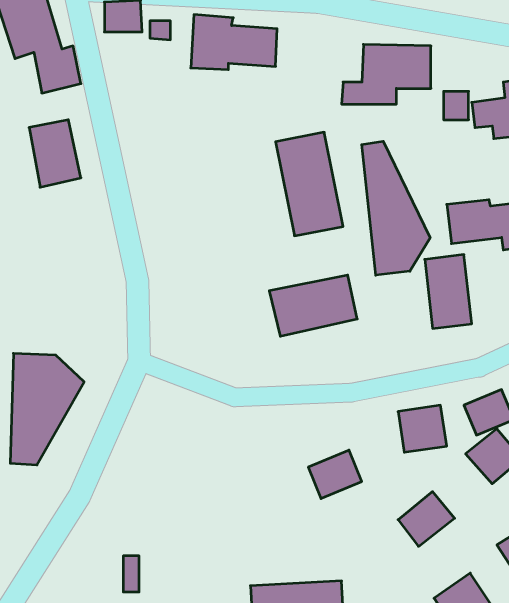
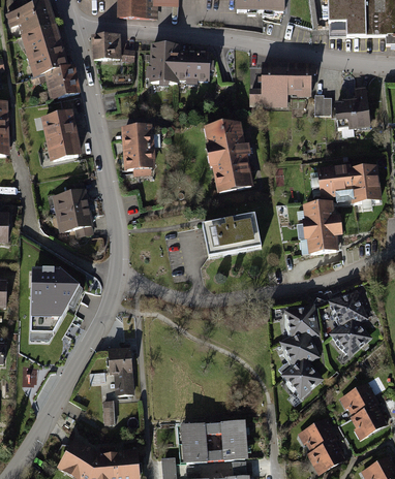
building: none -> [121,128,151,169]
building: [362,141,430,275] -> none
building: none -> [56,193,87,231]
building: [308,450,362,499] -> [283,333,318,365]
building: none -> [109,350,132,395]

